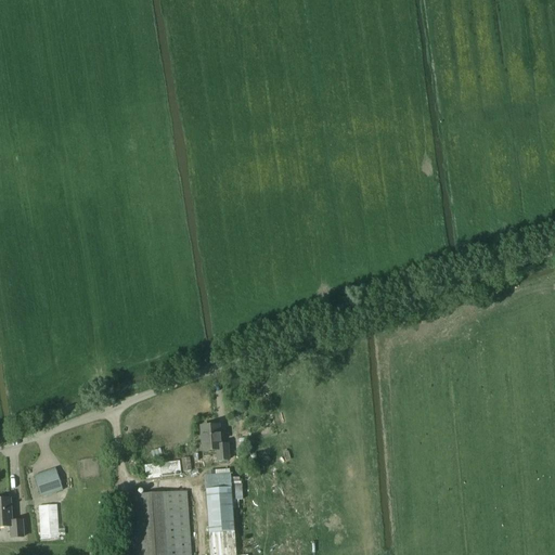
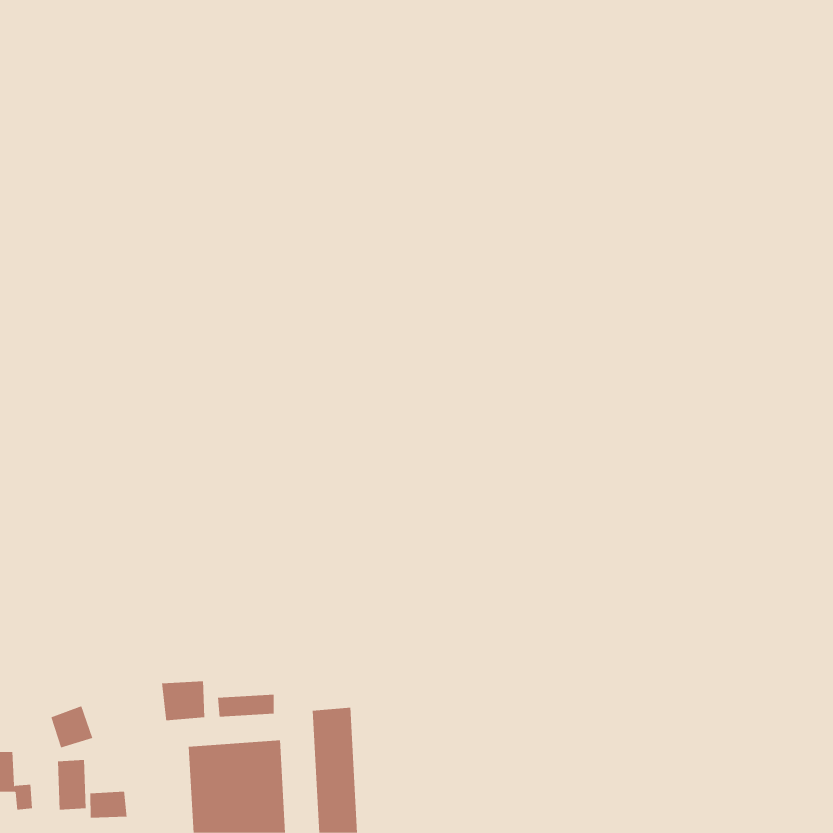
building: [201,426,228,461] -> none
building: none -> [162,680,205,721]
building: none -> [90,791,127,819]

